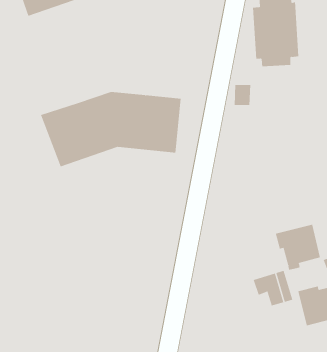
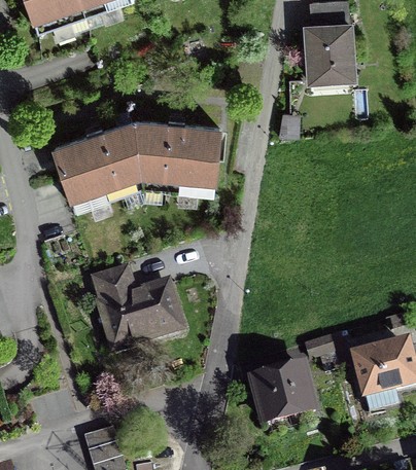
building: none -> [93,265,178,345]
building: [275,224,321,271] -> none
building: none -> [251,364,310,420]

